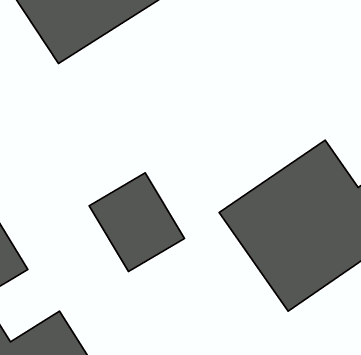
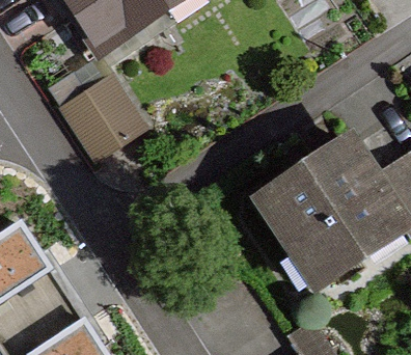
building: [89,173,184,271] -> [61,58,152,152]

